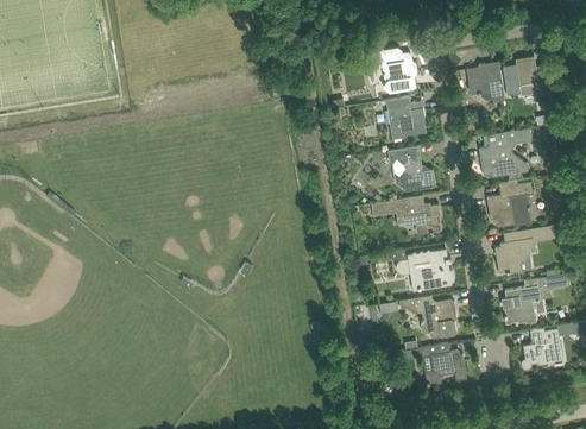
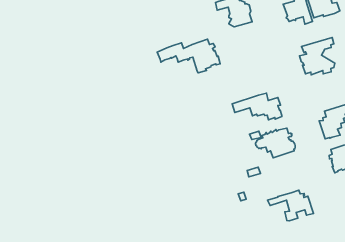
building: [386,96,426,139] -> none
building: none -> [157,39,220,73]
building: [387,145,436,190] -> none
building: [486,179,534,226] -> none
building: [399,295,456,337] -> none

